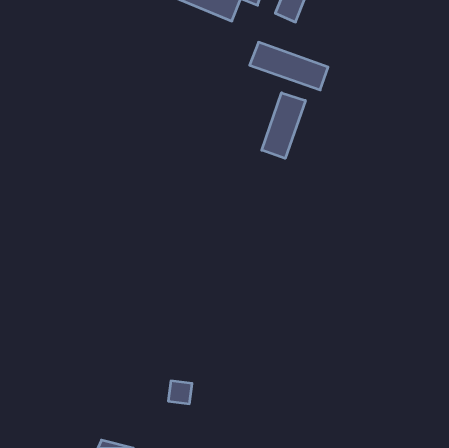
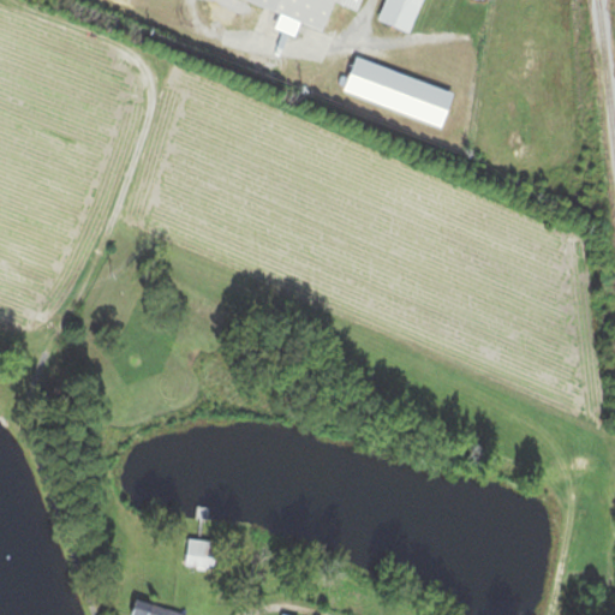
building: [262,93,305,158] -> none
building: [168,381,192,404] -> [189,538,221,569]

